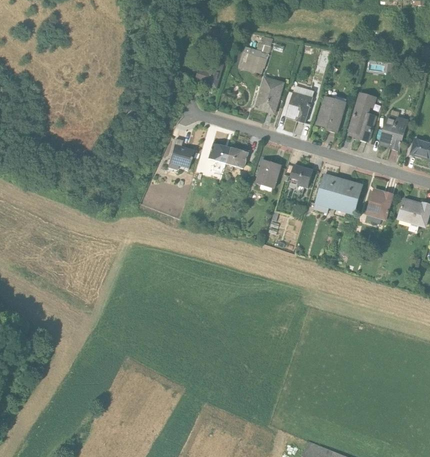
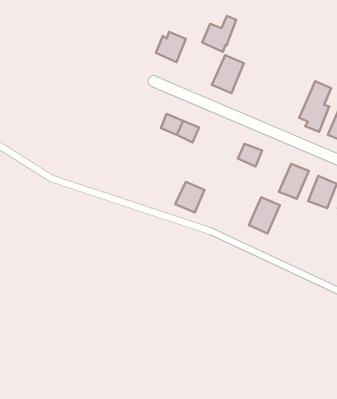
building: [286,90,312,122] -> none
building: [315,95,346,132] -> none
building: [167,143,193,169] -> none
building: [253,158,281,188] -> [175,182,204,212]
building: [315,172,344,208] -> [249,197,280,233]

